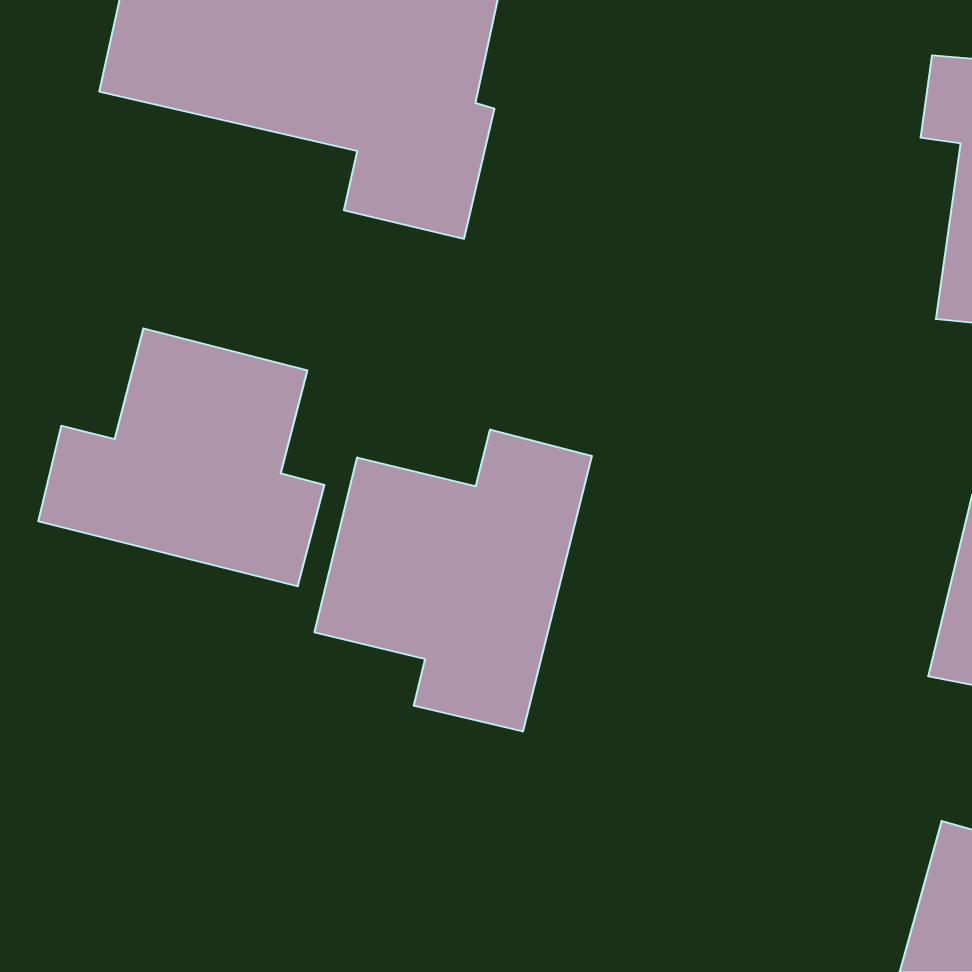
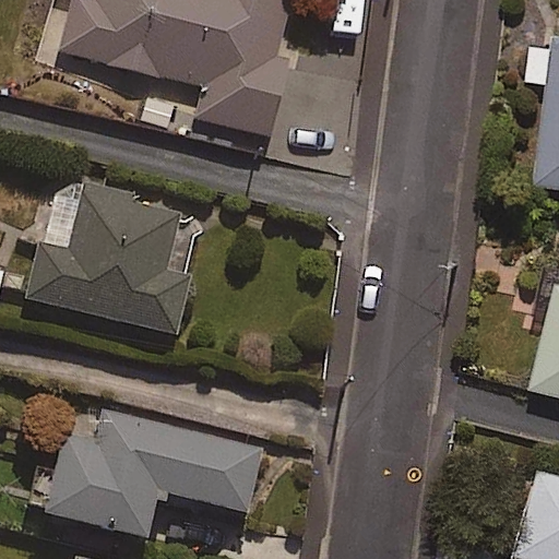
building: [314,429,592,732] -> none
building: none -> [40,405,261,539]

